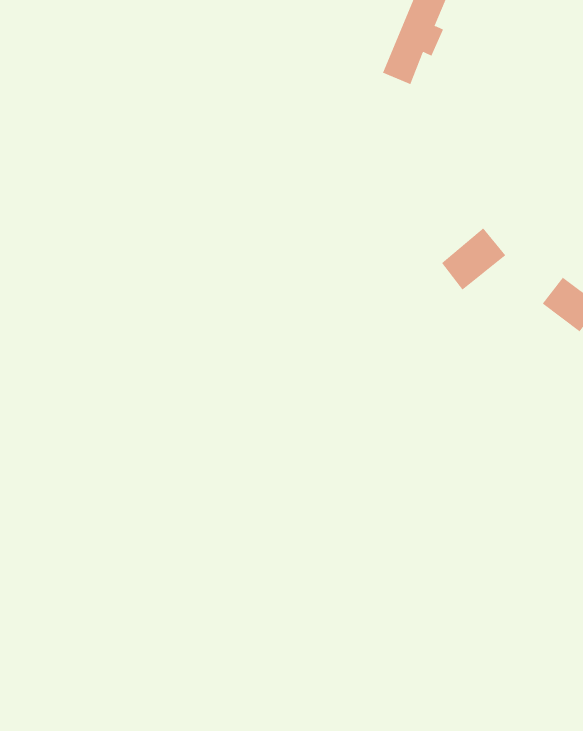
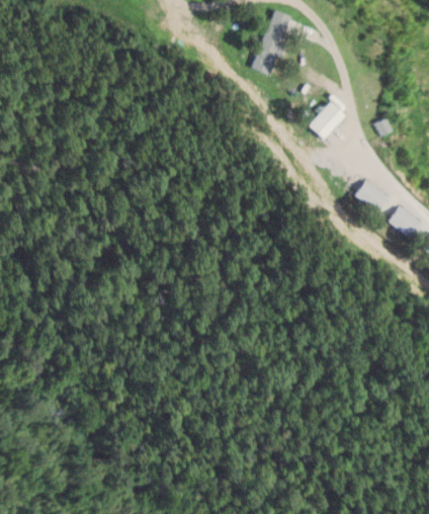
building: [441,228,506,291] -> [310,101,347,139]

